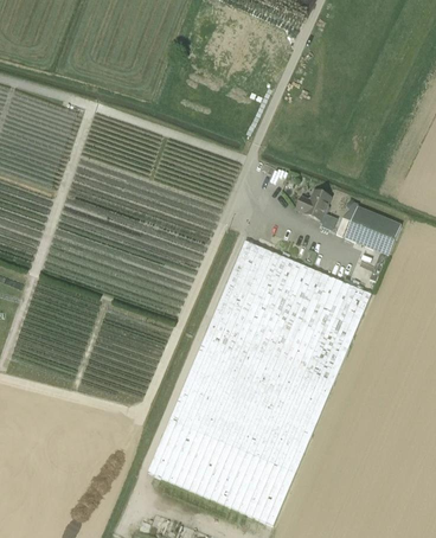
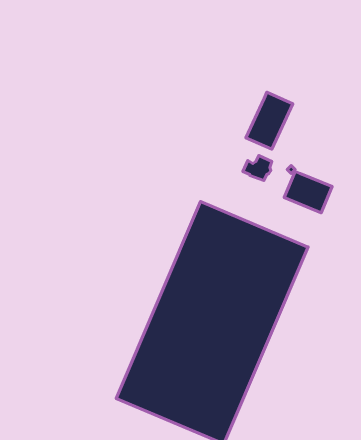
building: none -> [246,92,293,149]

